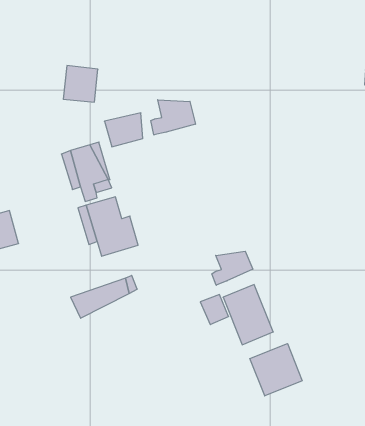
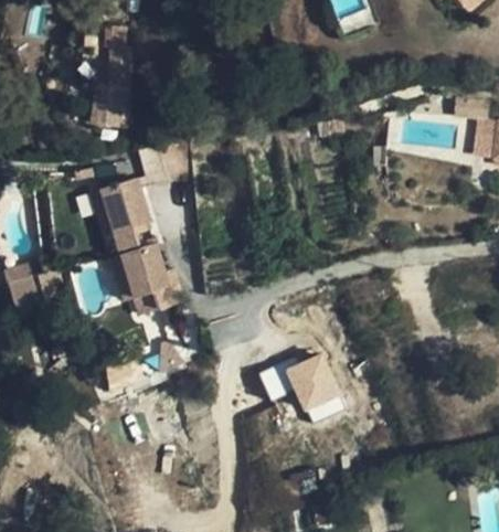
building: [151,100,195,135] -> none
building: [212,251,253,285] -> none
building: [250,344,302,396] -> none

